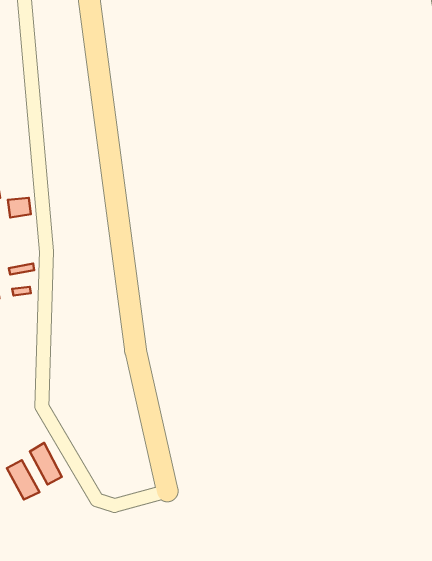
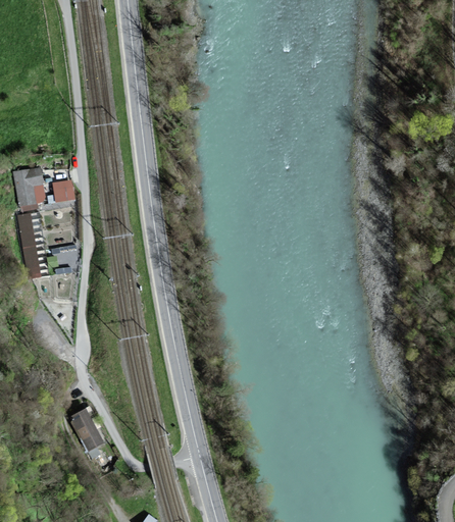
building: [7,460,39,499] -> none

